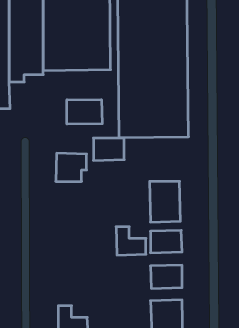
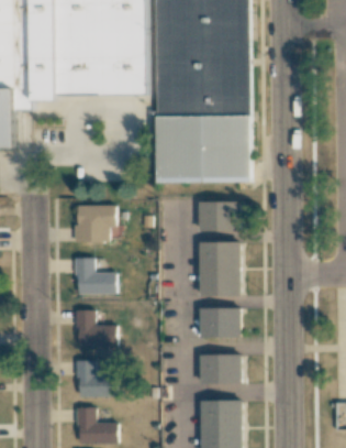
building: [67,100,102,124] -> none
building: [93,138,124,160] -> [199,201,239,231]
building: none -> [76,258,115,294]
building: [116,227,146,255] -> [77,309,116,347]
building: none -> [77,360,118,396]

